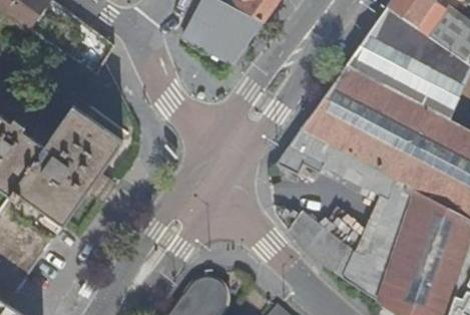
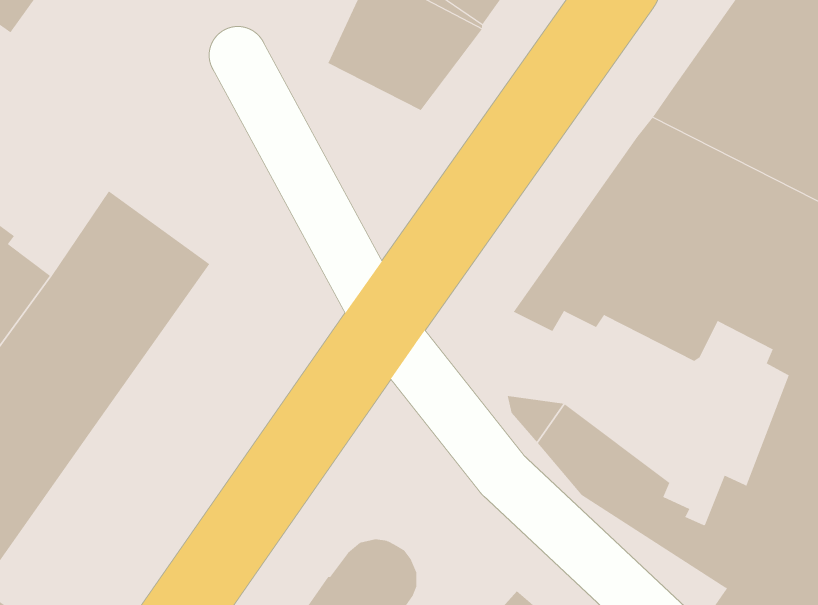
building: [352,168,414,270] -> none

